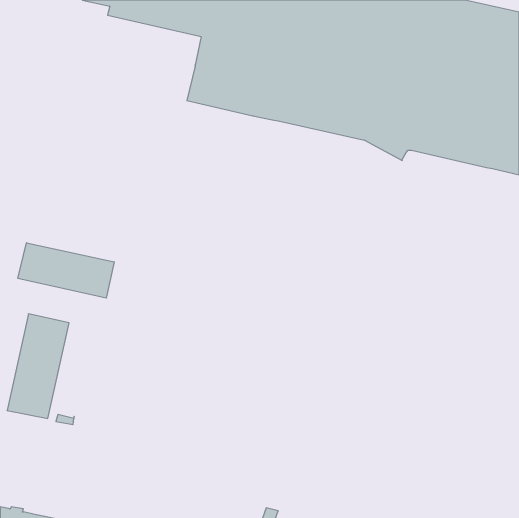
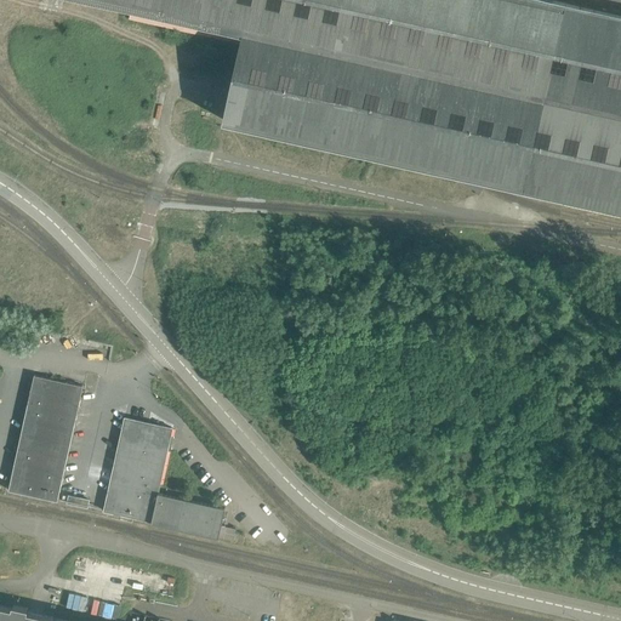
building: [18,243,114,298] -> none
building: none -> [103,418,226,539]

